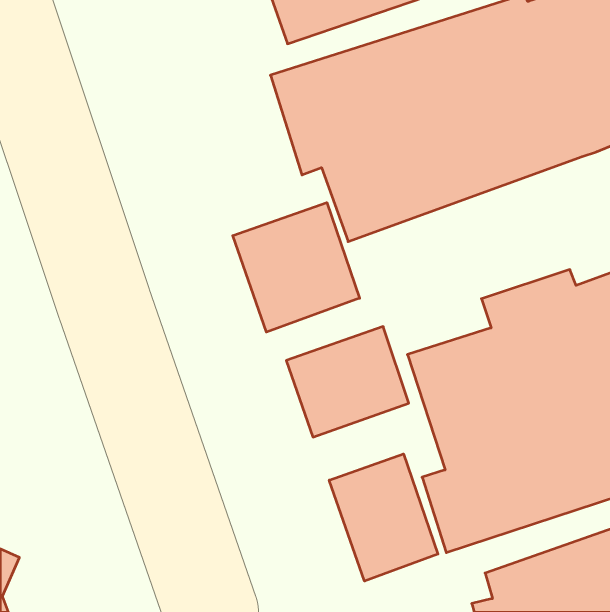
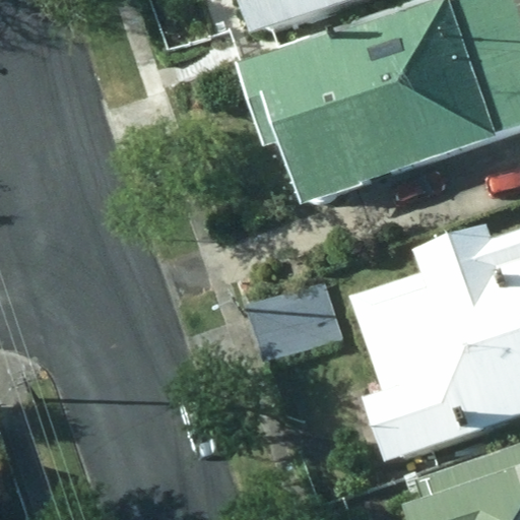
building: [233,203,360,332] -> none
building: [329,454,438,581] -> none

